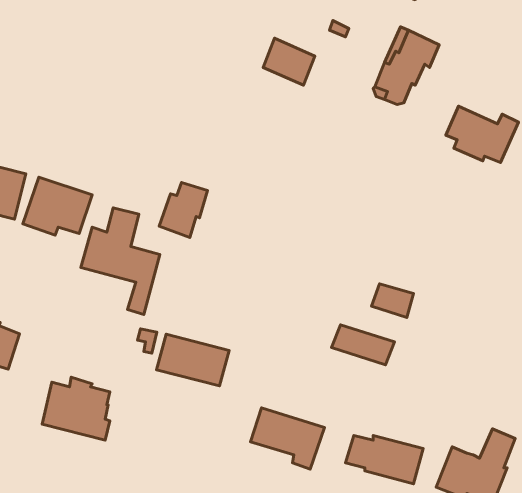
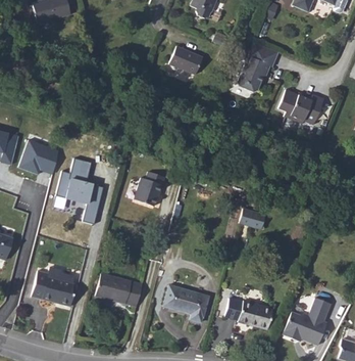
building: [159,182,207,237] -> [132,169,162,204]
building: [331,325,395,365] -> none
building: [156,334,229,386] -> [97,270,143,303]

